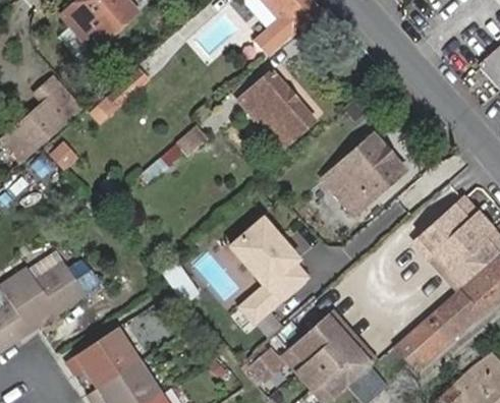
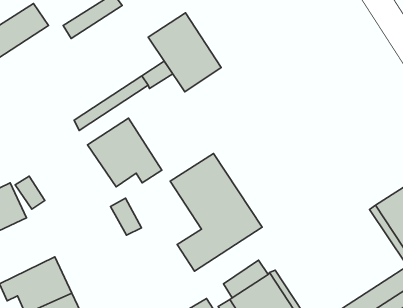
building: [240,71,315,148] -> [148,13,221,92]
building: [324,134,404,214] -> none
building: none -> [87,118,162,187]

